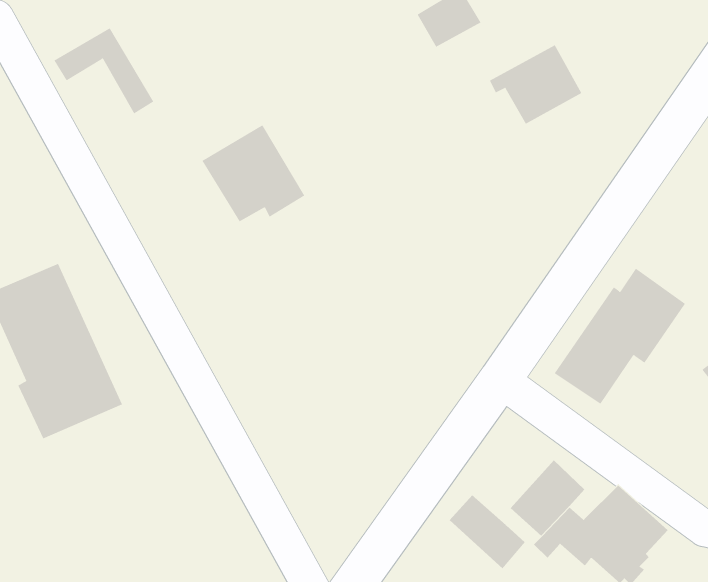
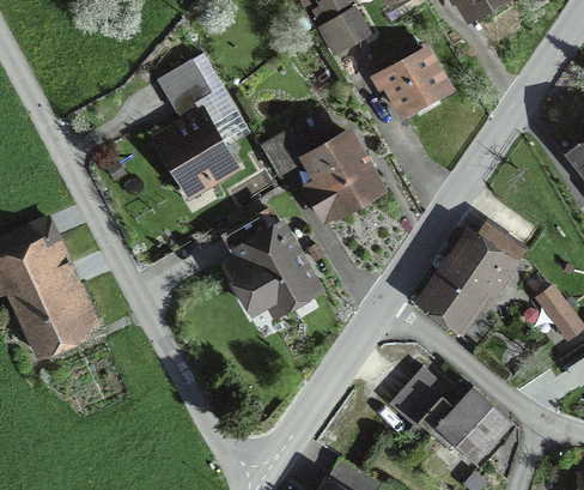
building: [54,28,154,114] -> [160,54,237,120]
building: none -> [262,126,381,220]
building: none -> [227,210,315,310]
building: [449,495,526,569] -> none

